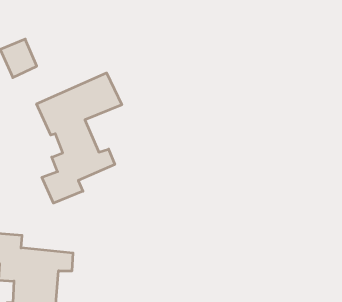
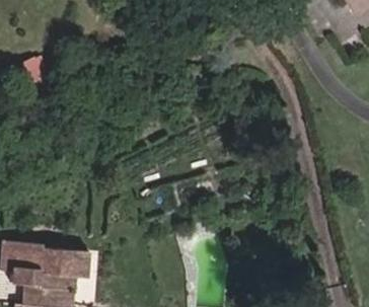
building: [37,73,122,203] -> none

